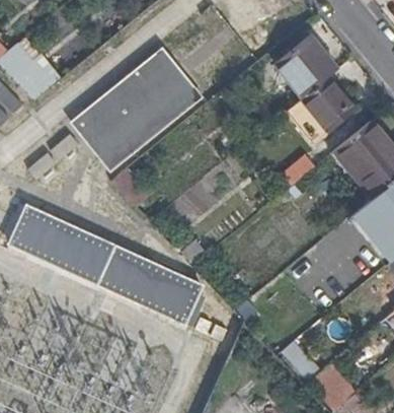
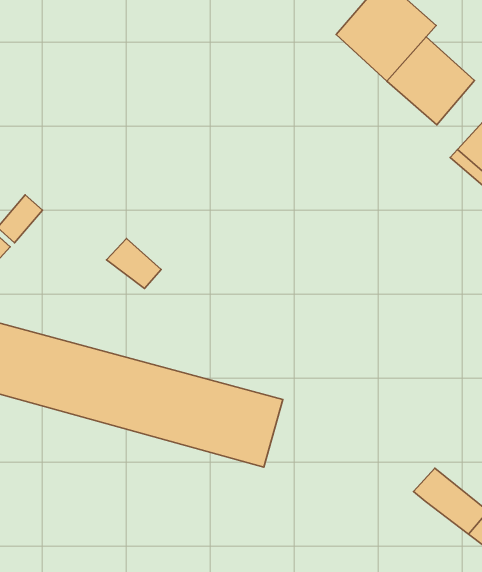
building: [72,48,200,167] -> none

